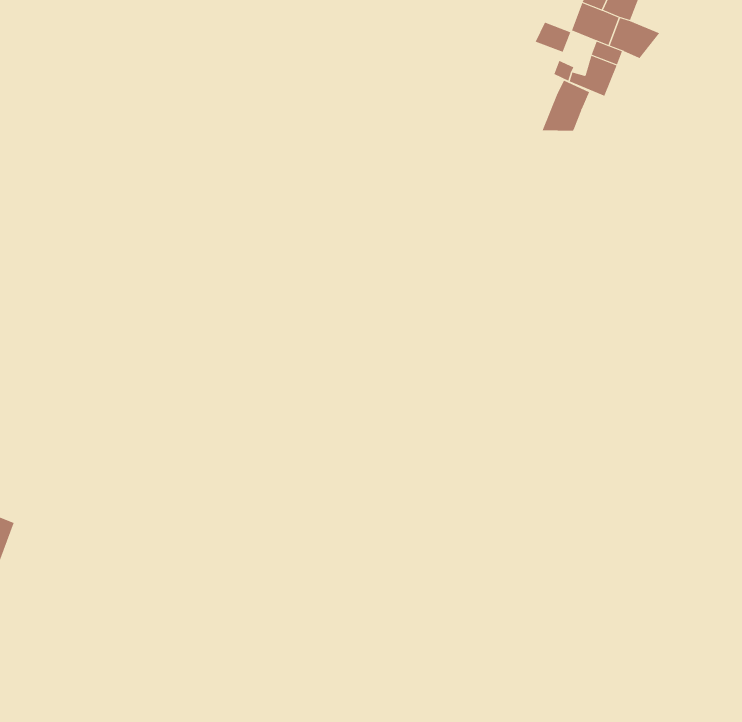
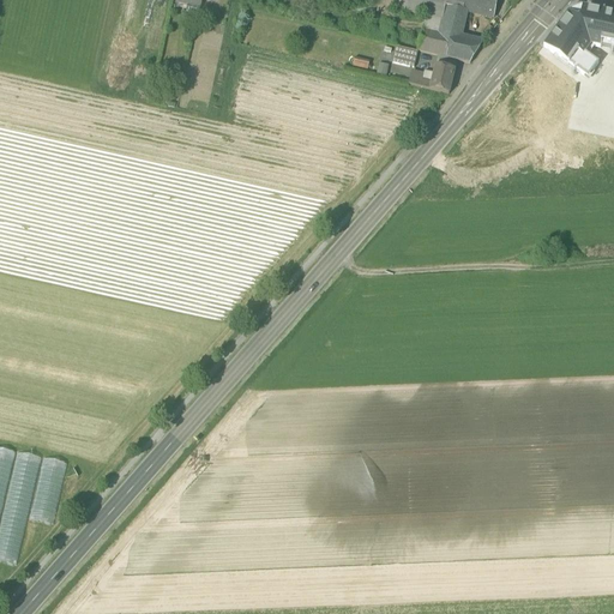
building: [542,80,590,132] -> none

